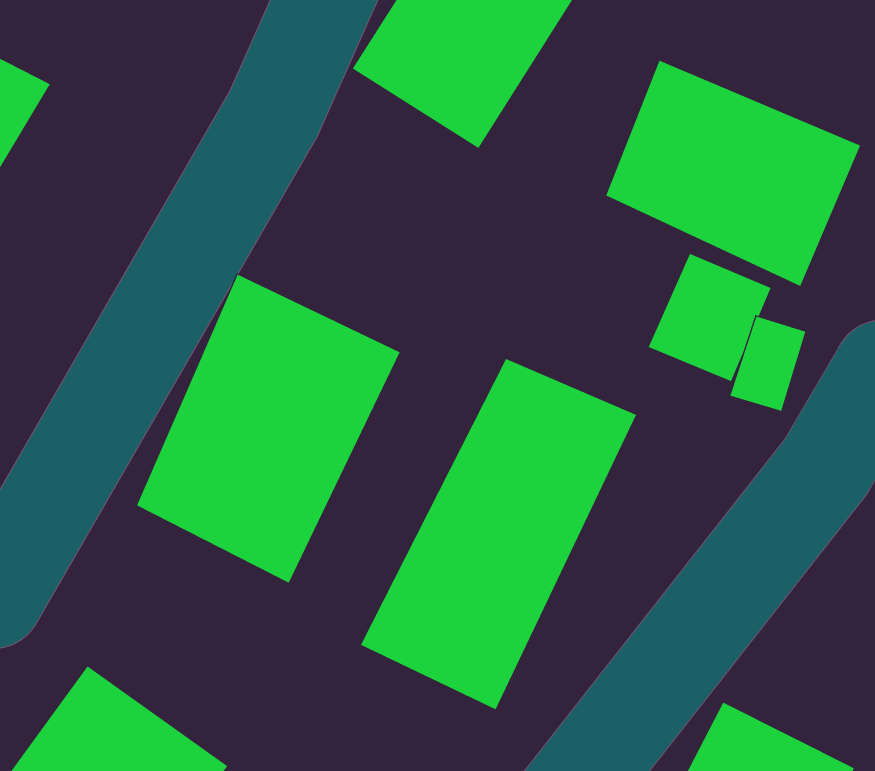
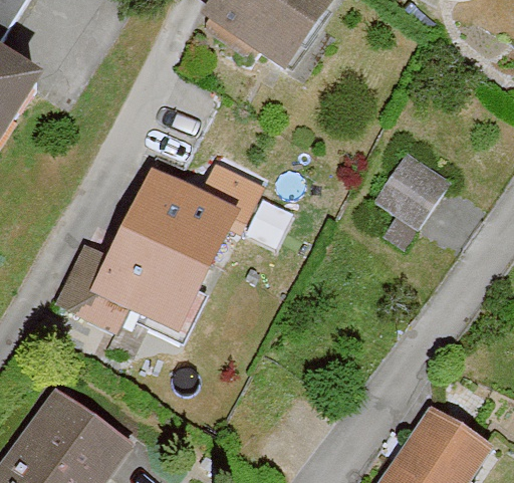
building: [605,60,861,287] -> none
building: [360,358,637,710] -> none

